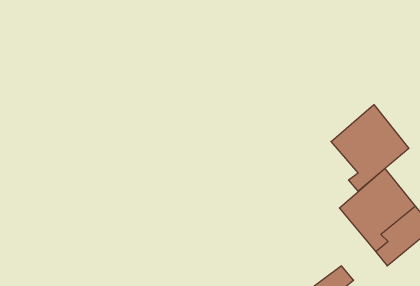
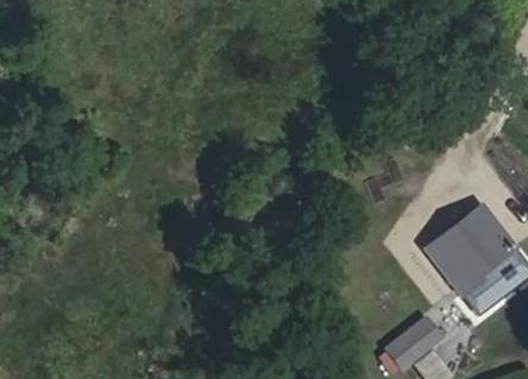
building: [331,105,409,191] -> none

